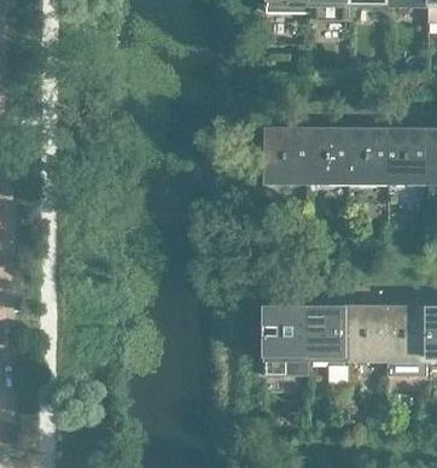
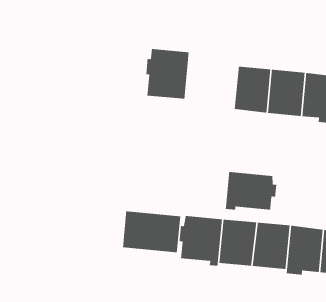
building: [257,130,305,186] -> [145,48,190,100]
building: none -> [225,171,277,211]
building: none -> [122,211,181,253]

